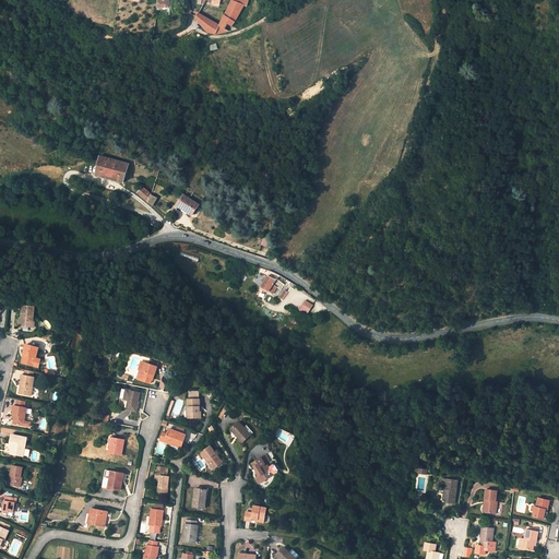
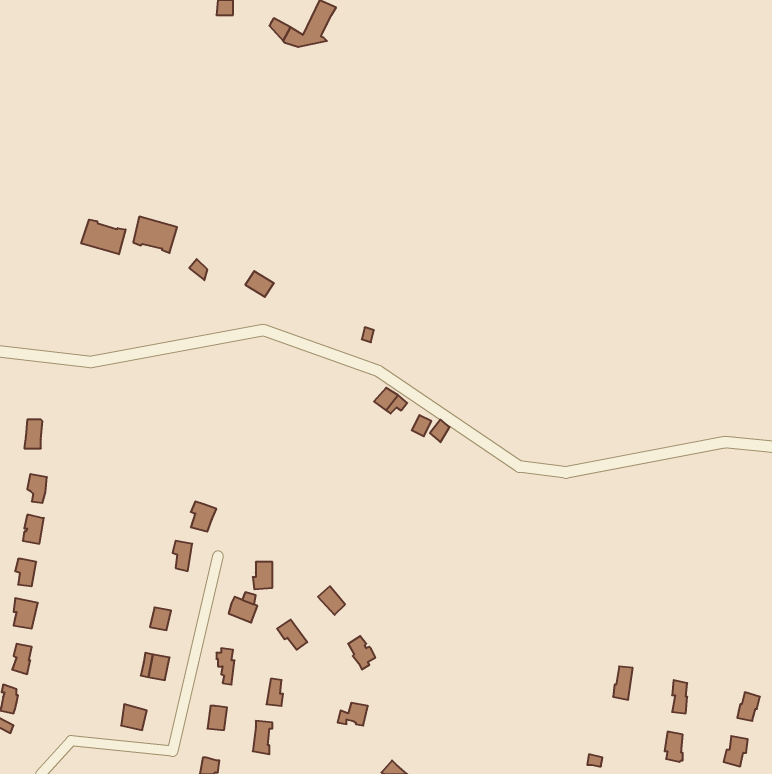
building: none -> [81,220,126,254]

